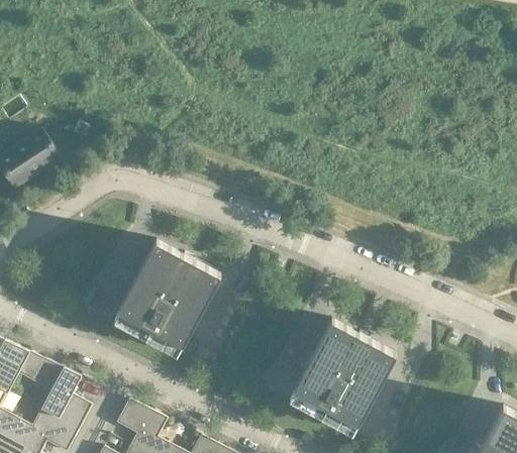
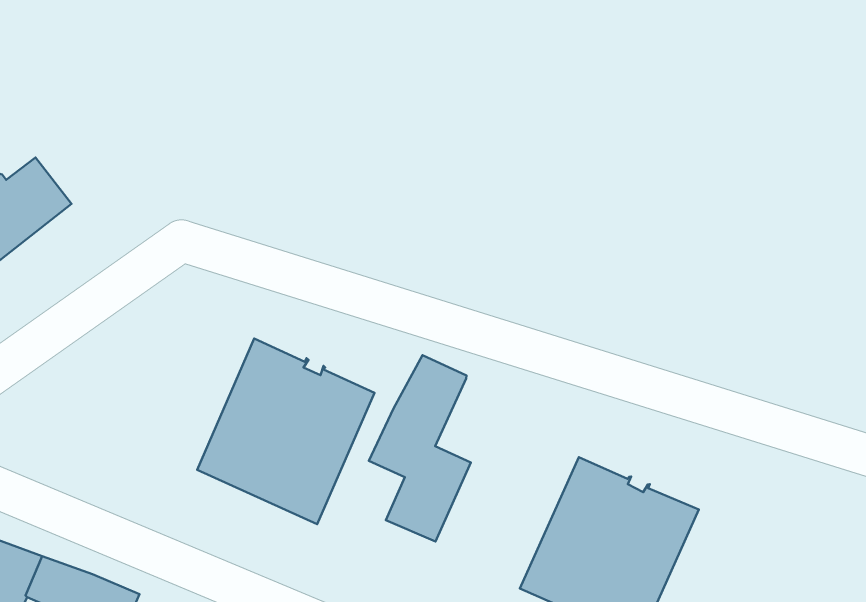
building: none -> [369,355,471,541]

